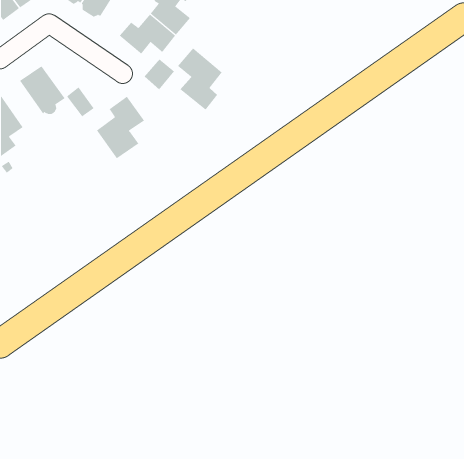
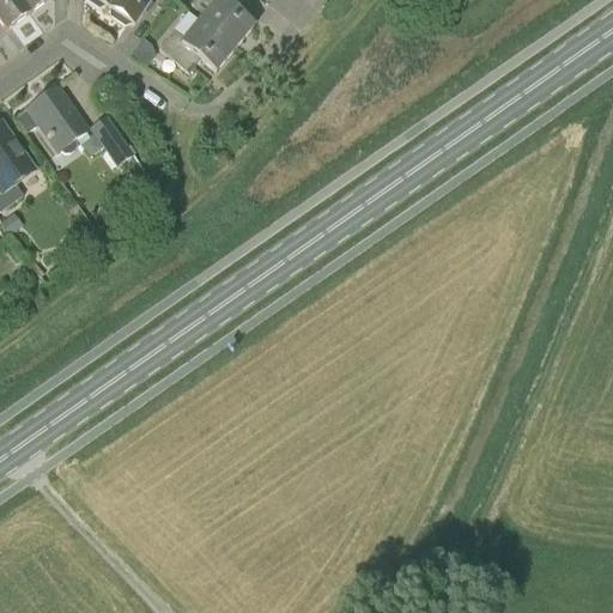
building: [177,48,223,111] -> none
building: [144,59,175,90] -> none
building: [96,96,145,159] -> none

